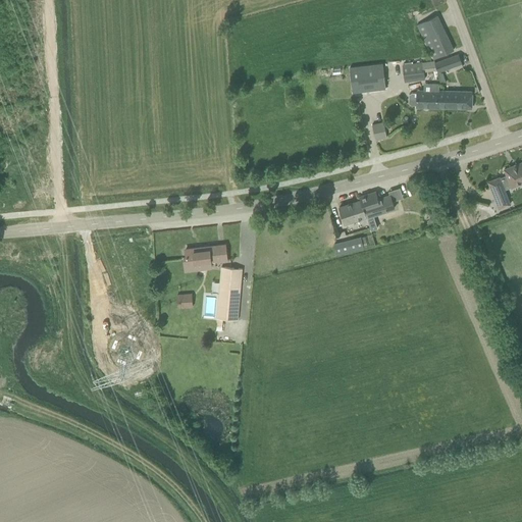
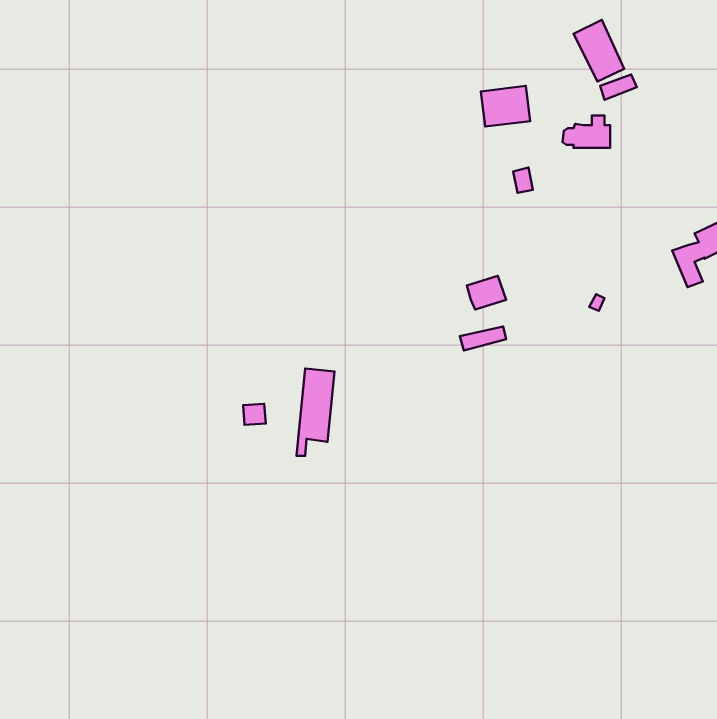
building: [403,62,426,83] -> none
building: [443,91,472,108] -> none
building: [361,192,396,230] -> none
building: [185,245,228,269] -> none

